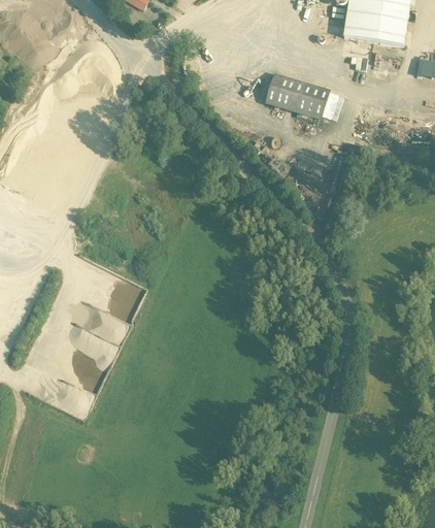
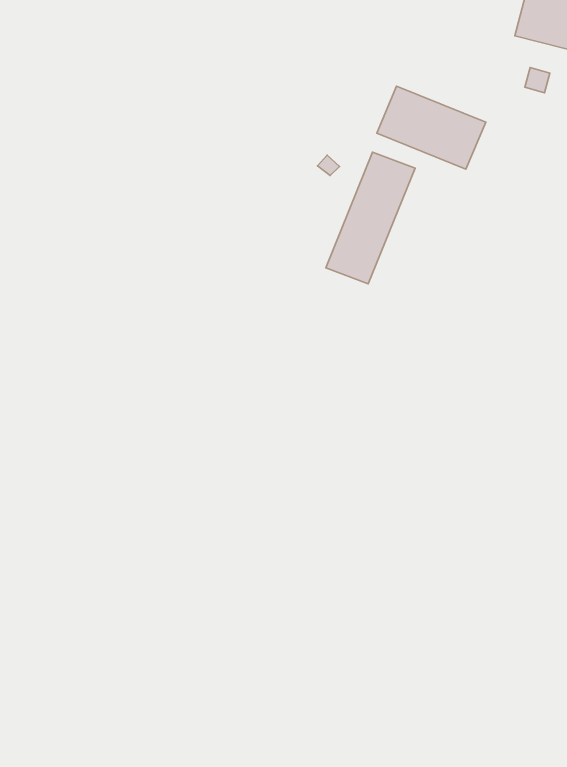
building: none -> [326,152,415,284]

